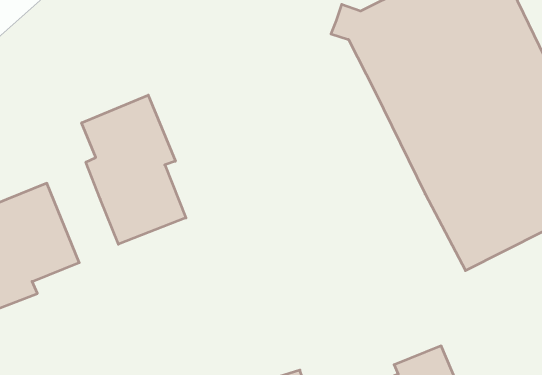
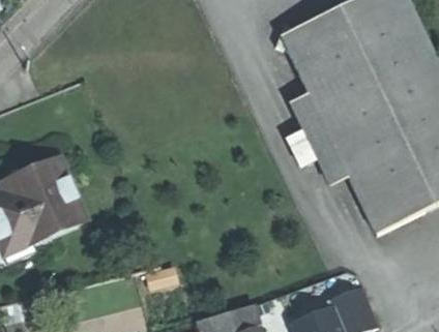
building: none -> [290,90,348,179]
building: [82,95,186,244] -> none

